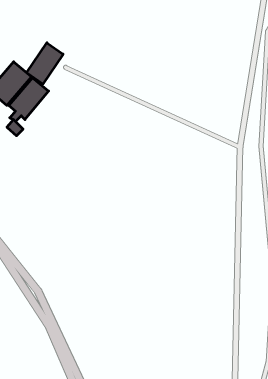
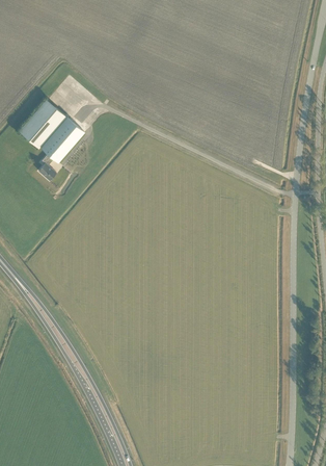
building: [27,43,63,84] -> none

